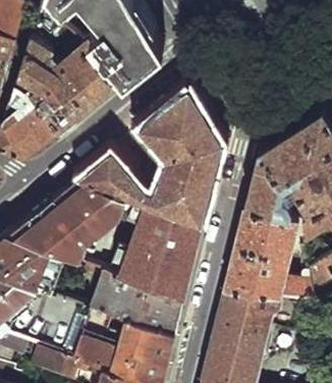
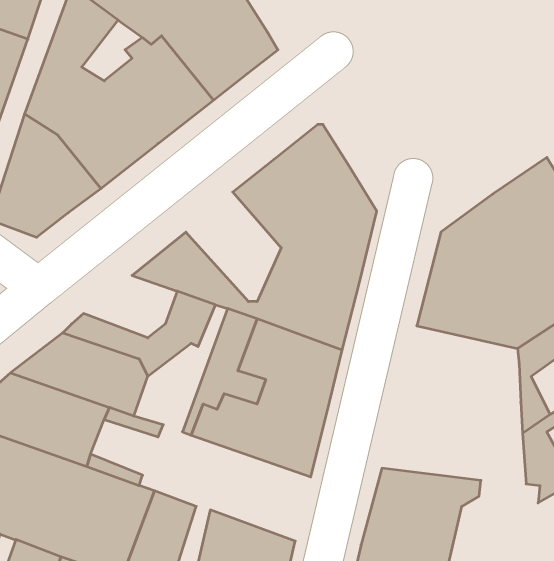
building: [50,180,105,217] -> none
building: [225,210,310,303] -> none
building: [92,271,183,336] -> none

